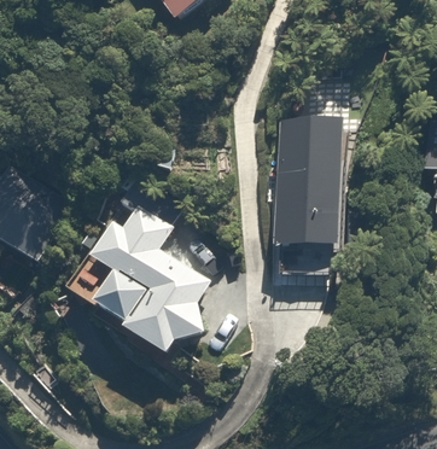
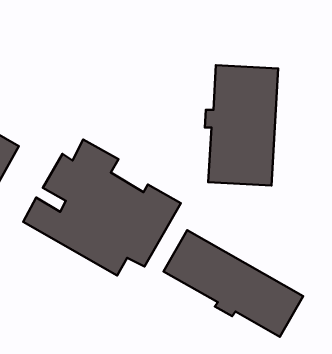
building: none -> [163,230,303,337]

